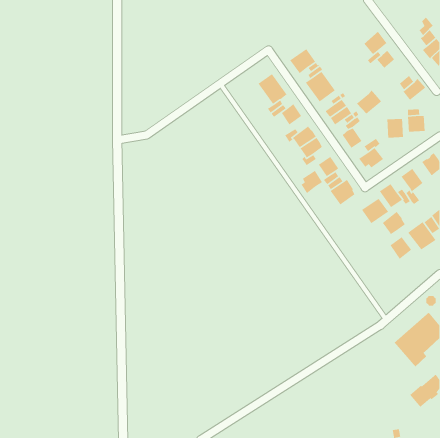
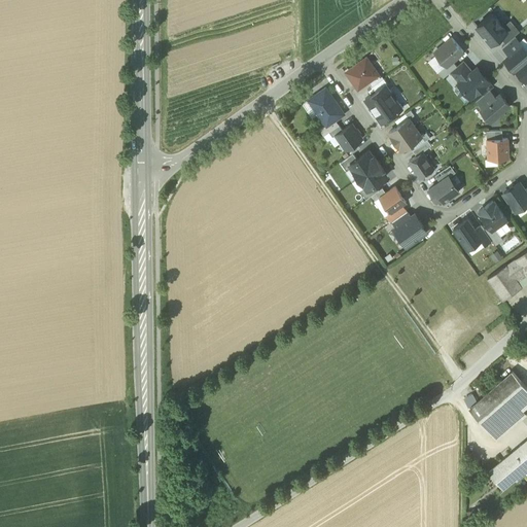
building: none -> [477,15,506,46]
building: [356,90,382,115] -> [458,69,489,99]
building: [386,118,404,138] -> none
building: [300,170,323,194] -> none
building: [361,198,389,224] -> none
building: [382,211,406,235] -> none
building: [389,236,412,260] -> none

